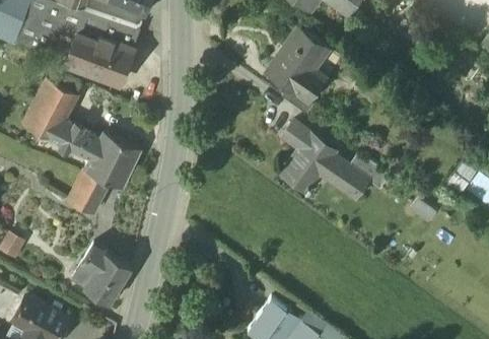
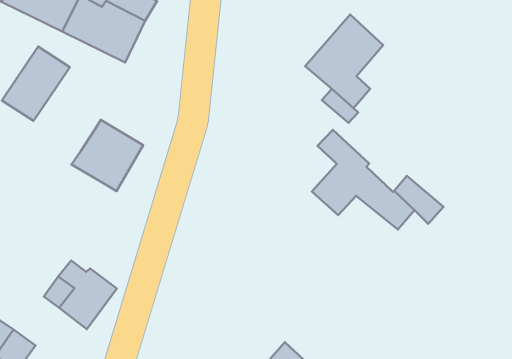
building: [49,120,99,159] -> none
building: [70,171,110,214] -> none

